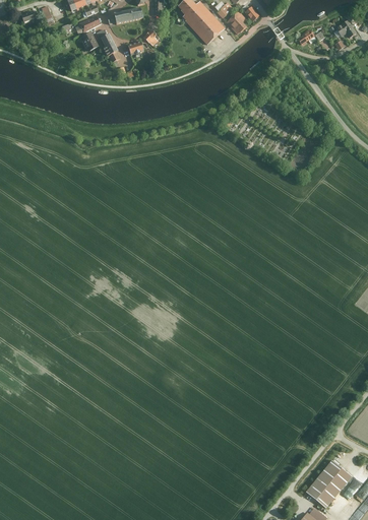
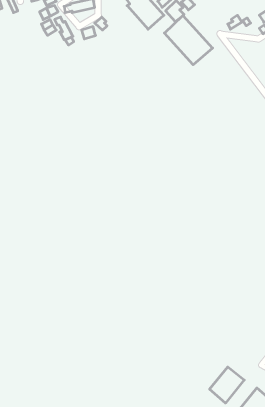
building: none -> [164,16,213,65]
building: none -> [210,367,244,403]

